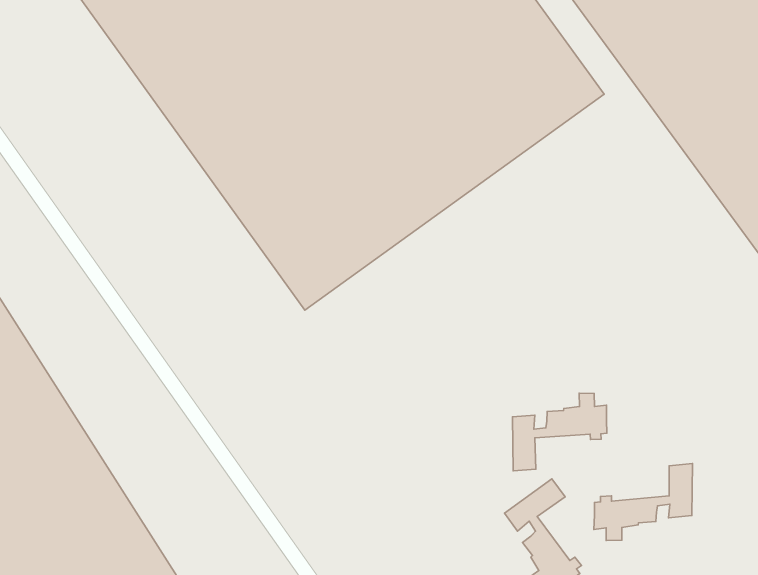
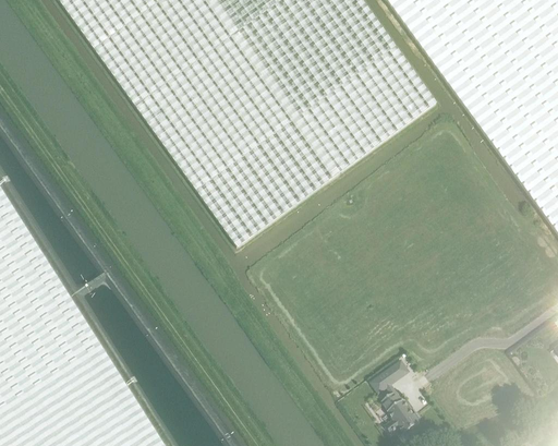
building: [512,393,607,471] -> none
building: [594,463,693,540] -> none

